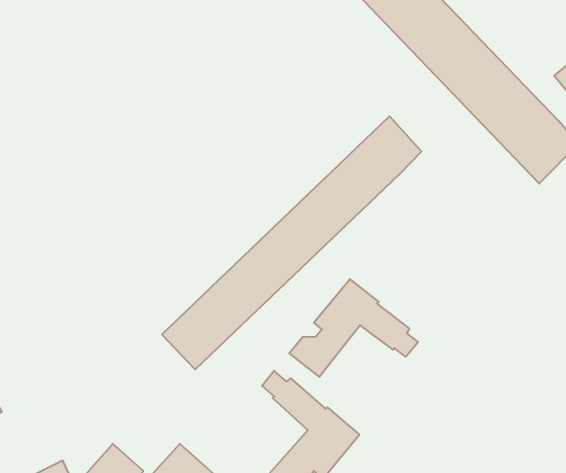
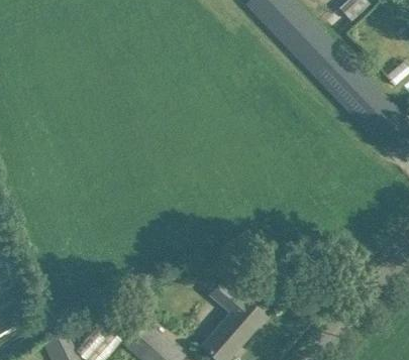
building: [162,116,421,369] -> none
building: [289,279,418,377] -> none

